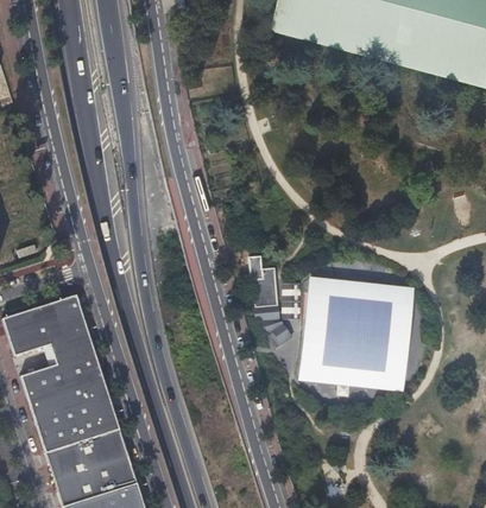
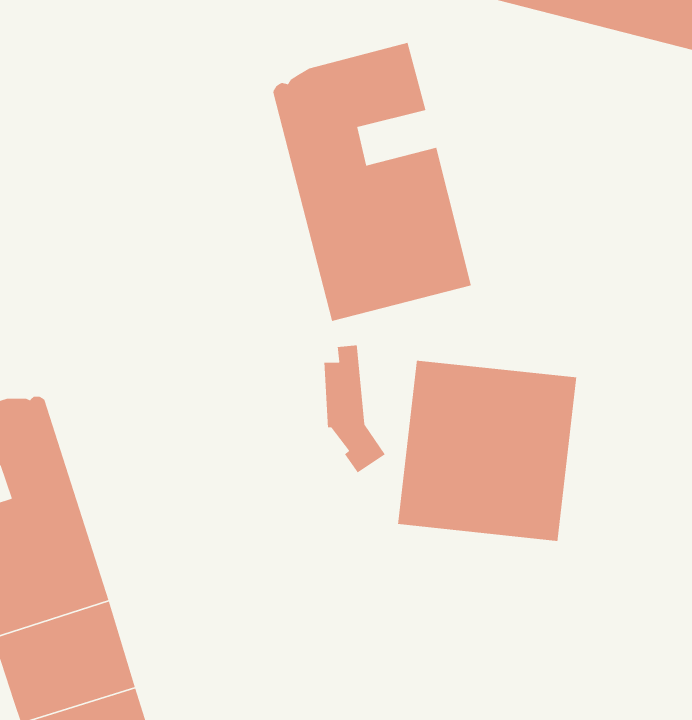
building: none -> [272,42,472,322]

